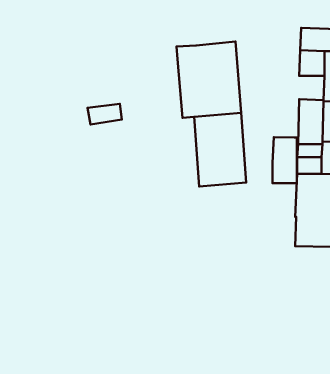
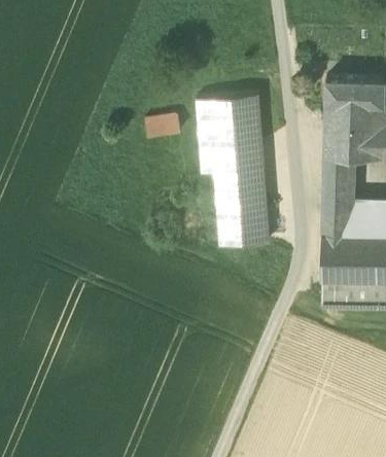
building: none -> [323,127,350,152]
building: [87,104,122,124] -> [144,112,180,134]
building: [273,137,297,183] -> none

